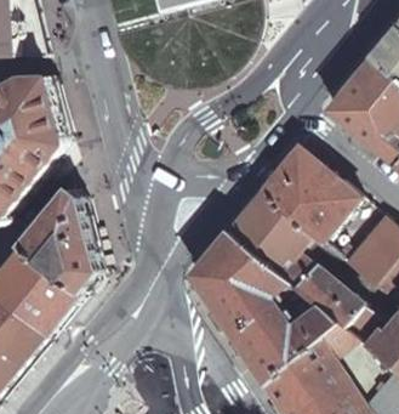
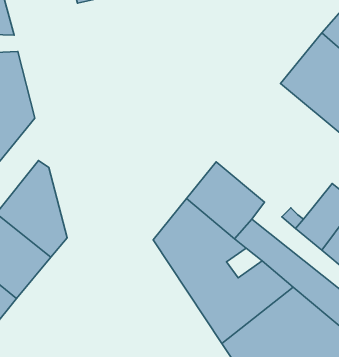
building: [258,143,358,239] -> none

